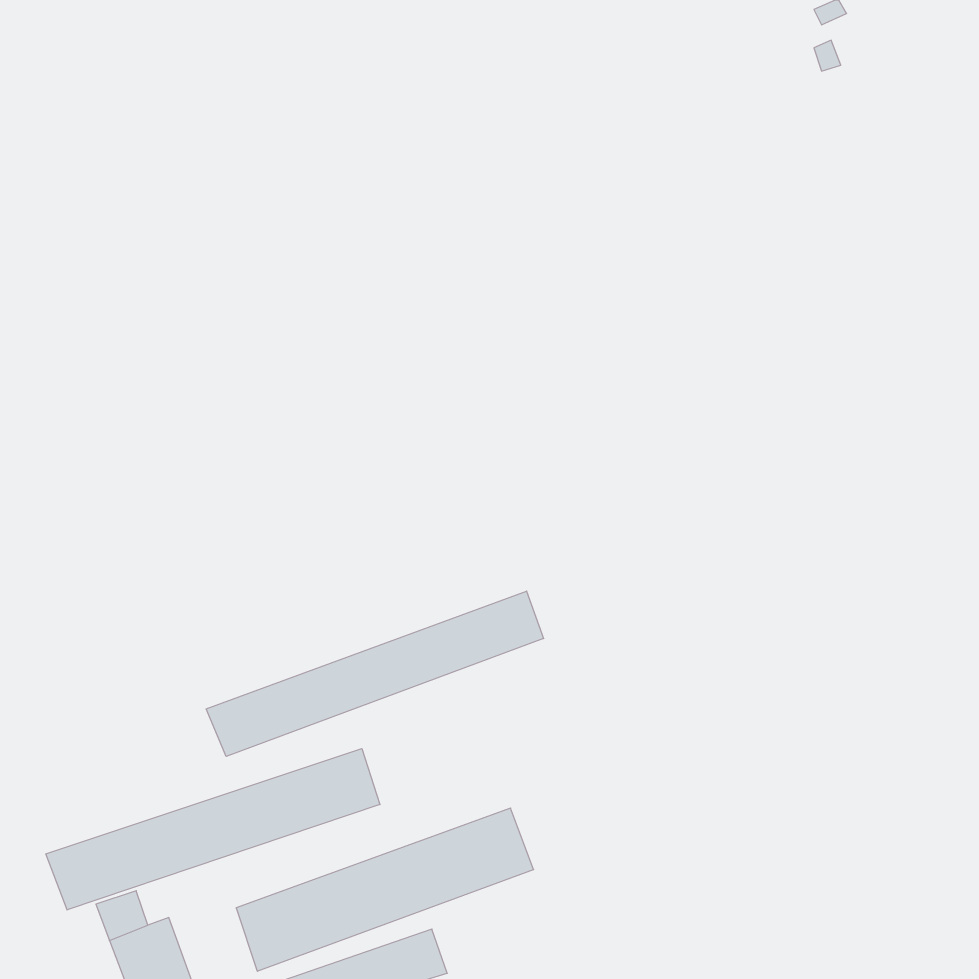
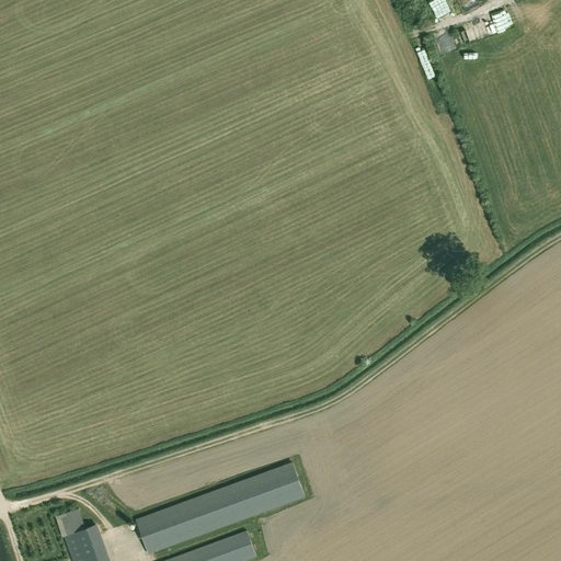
building: [206,591,544,756] -> none
building: [46,749,380,910] -> none

